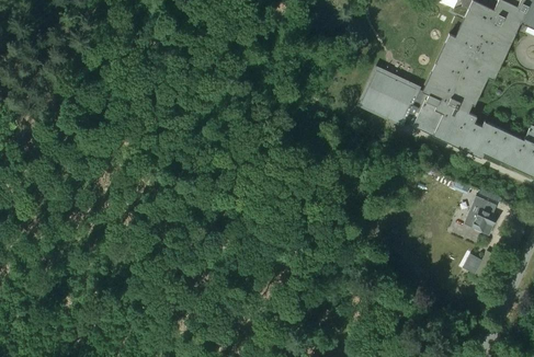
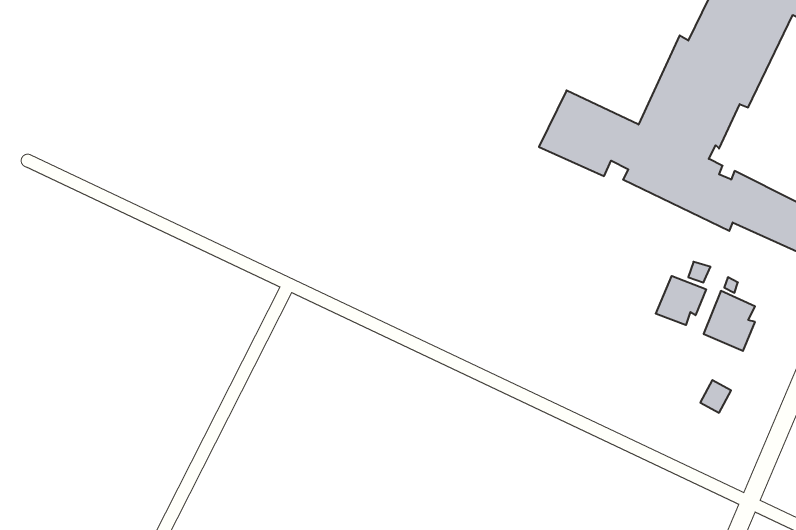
building: none -> [656,276,706,325]

